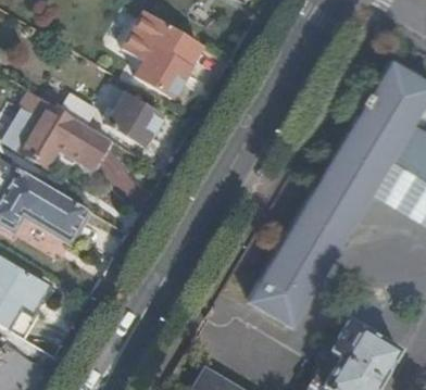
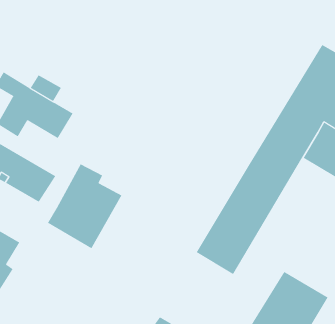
building: [128,14,201,99] -> none
building: [106,96,160,147] -> none
building: none -> [47,164,122,249]

